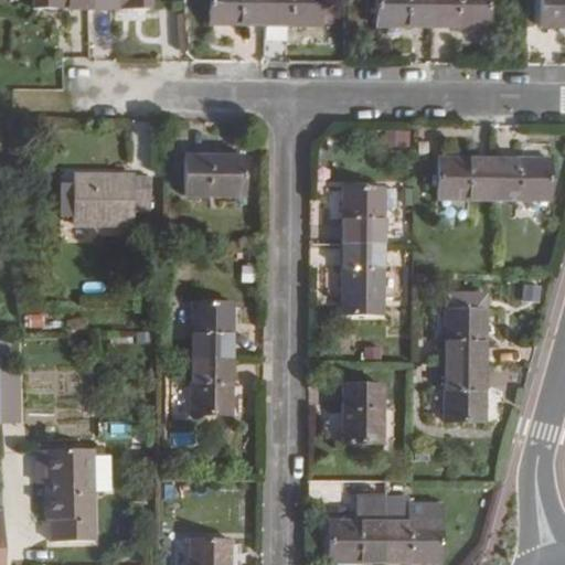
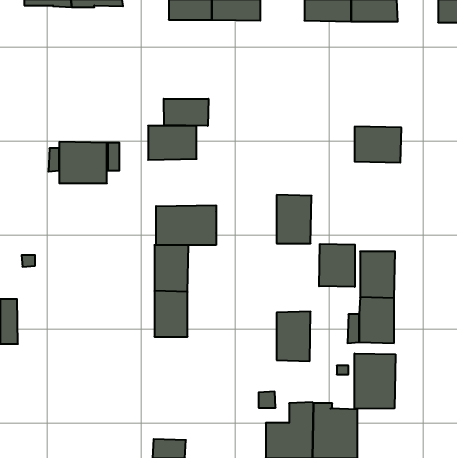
building: none -> [164,99,208,126]
building: [494,157,552,201] -> none
building: [342,186,385,241] -> none
building: none -> [156,205,216,245]
building: none -> [319,244,355,287]
building: none -> [355,353,395,409]
building: [38,448,95,542] -> none

